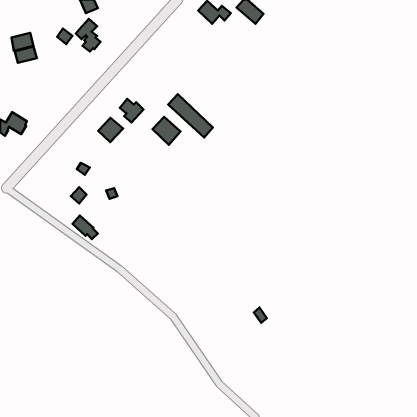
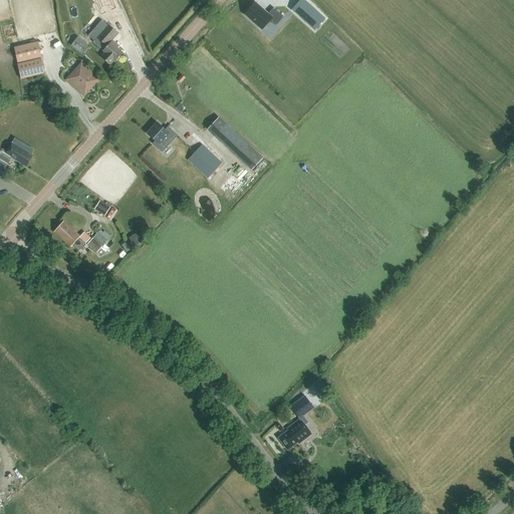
building: none -> [66,62,97,93]
building: [98,118,123,142] -> none
building: [72,216,98,239] -> [54,219,85,248]
building: none -> [278,395,312,449]

